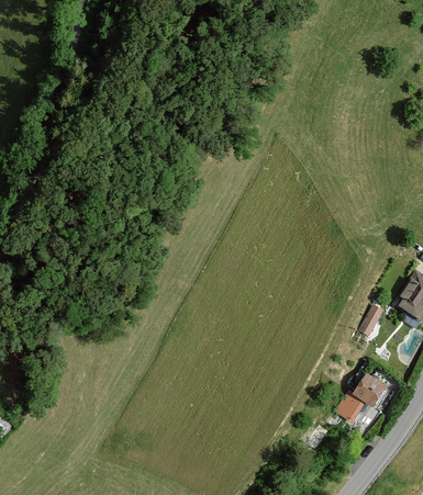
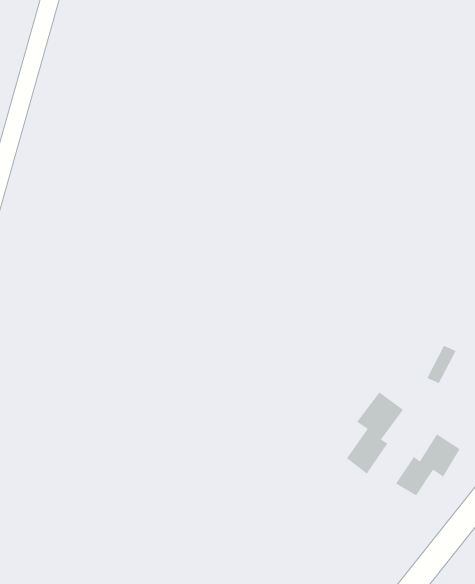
building: none -> [346,392,404,474]

